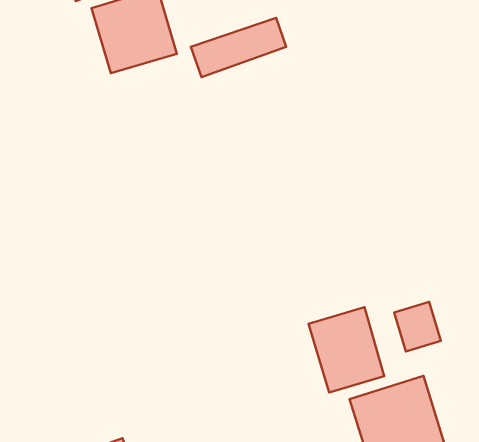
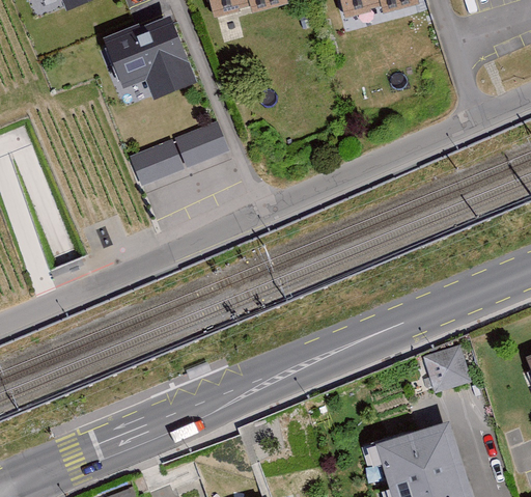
building: [191,18,286,77] -> [128,118,229,182]
building: [309,307,384,393] -> none

